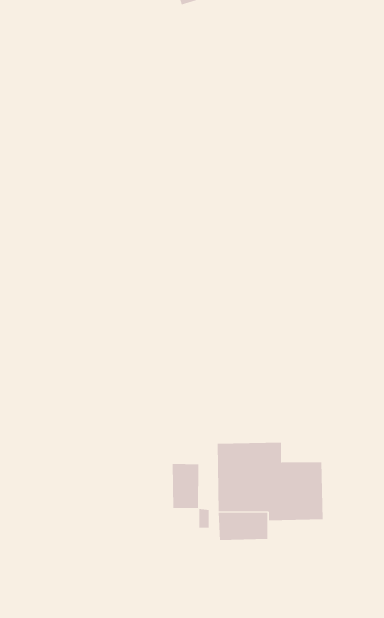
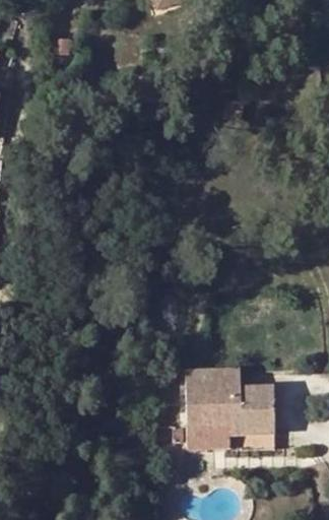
building: [172,463,199,509] -> none

